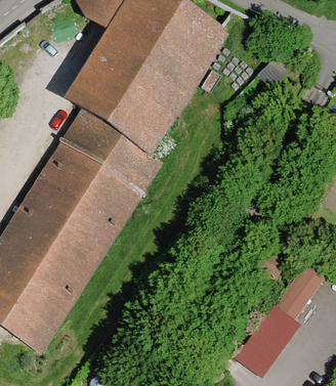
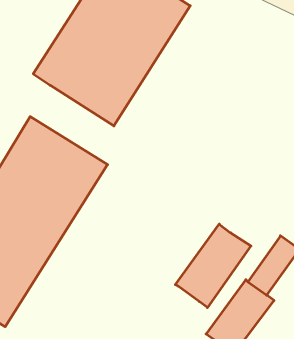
building: [62,112,157,189] -> none
building: none -> [175,224,251,308]

